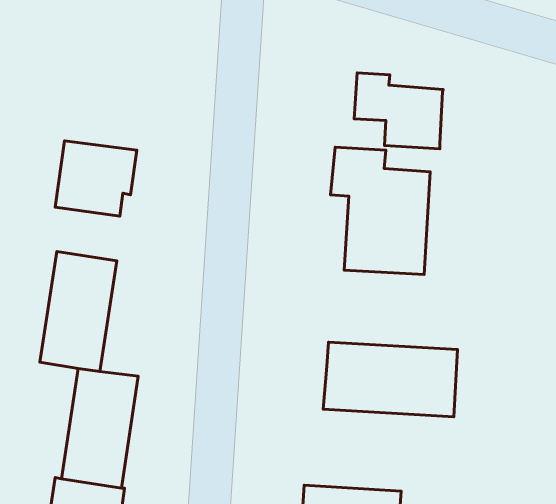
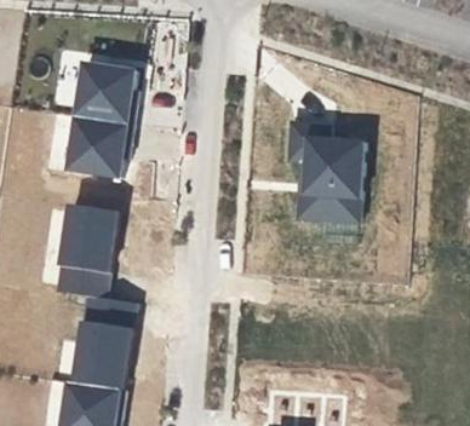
building: [354,73,443,149] -> none
building: none -> [74,65,136,126]
building: [323,342,458,417] -> none

